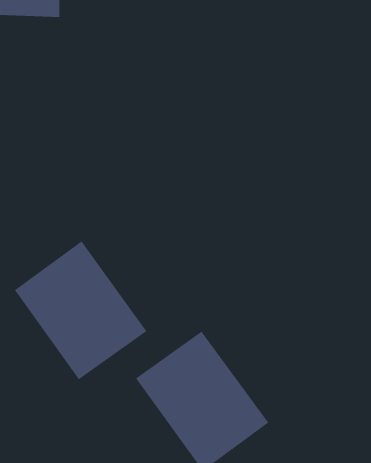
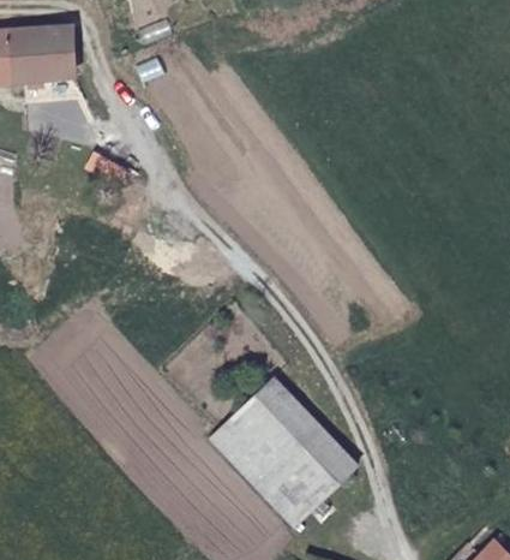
building: [14,241,147,380] -> none

